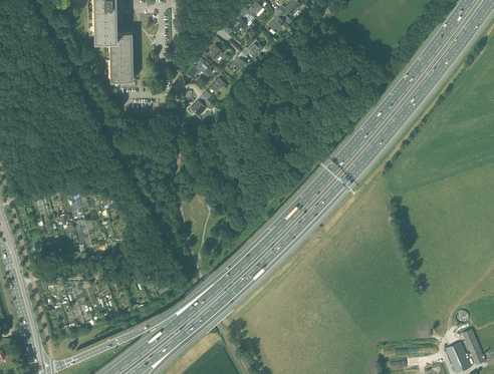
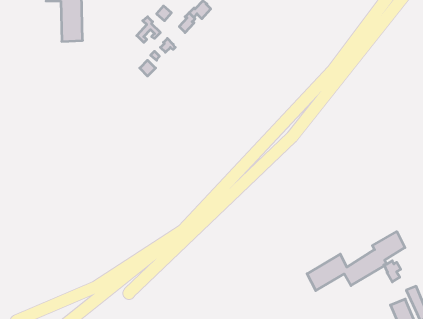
building: none -> [307,232,405,291]

